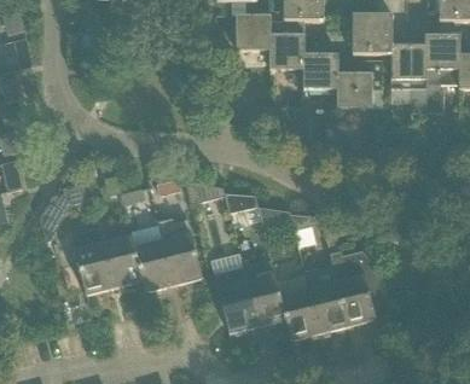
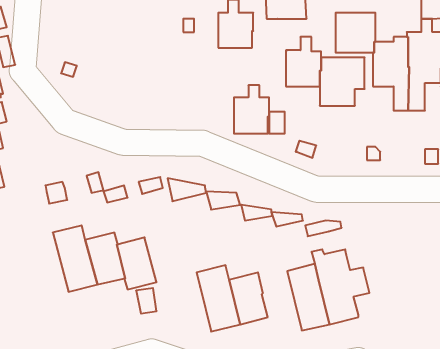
building: [269,22,304,70] -> [234,85,269,134]
building: [158,220,203,285] -> none
building: [277,274,319,341] -> none

